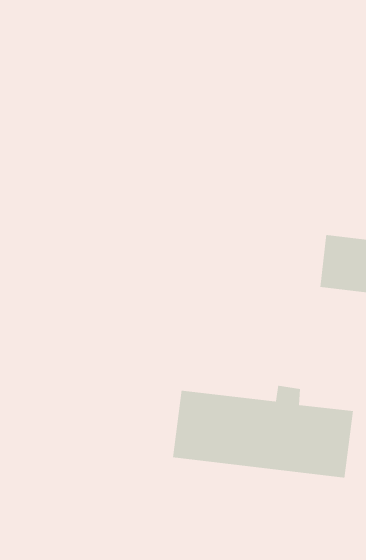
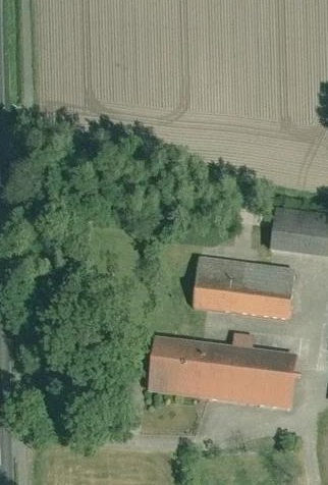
building: none -> [193,255,296,320]

